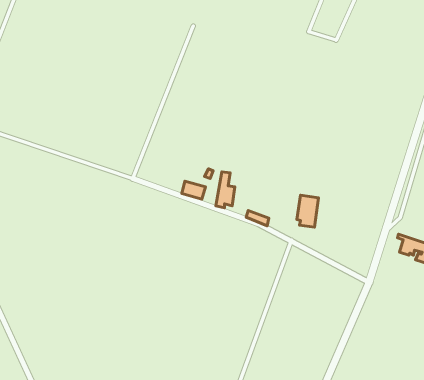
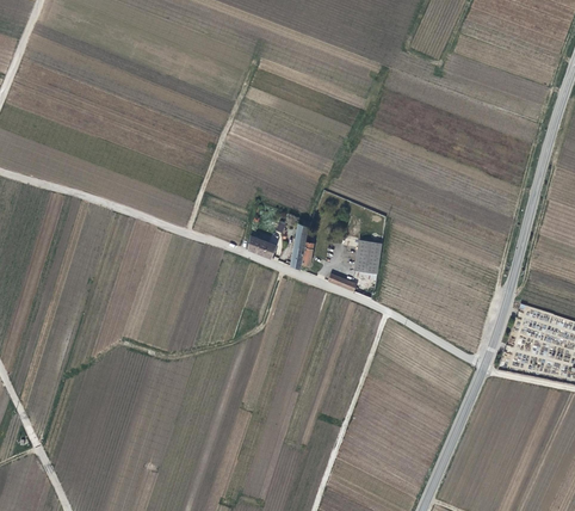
building: [297,195,318,227] -> [353,239,381,279]

